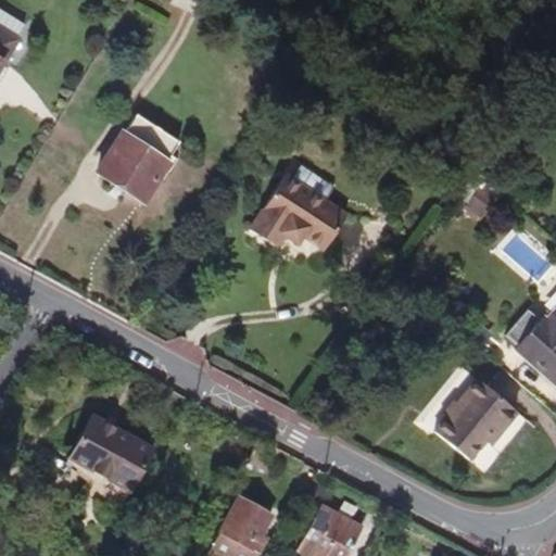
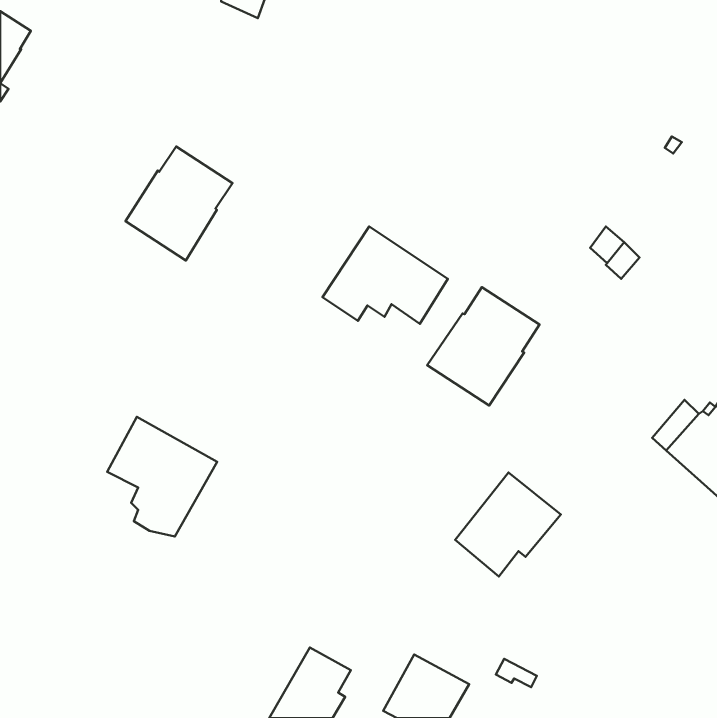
building: none -> [427,287,539,405]
building: [437,379,518,459] -> [455,472,561,577]
building: [71,414,155,506] -> [107,417,217,537]

